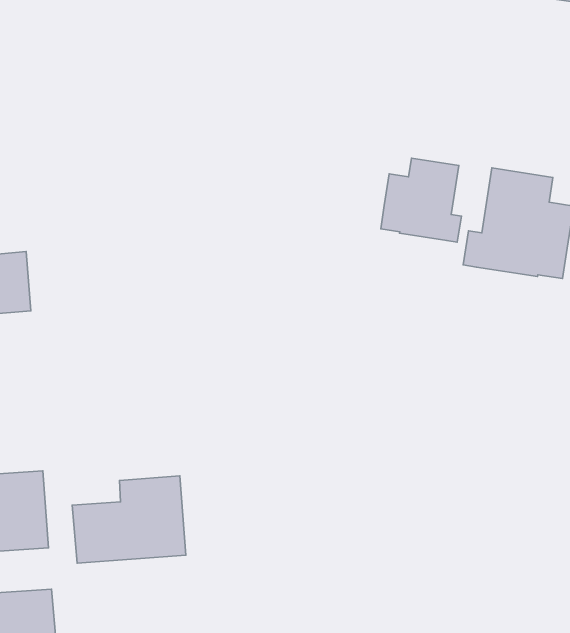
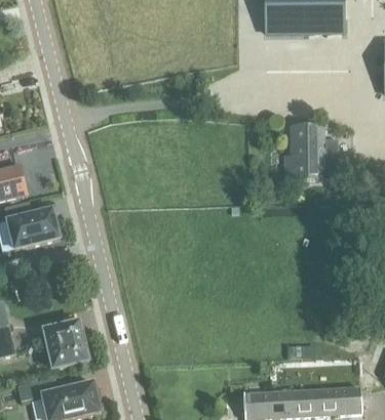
building: [381,158,461,242] -> none
building: [72,476,186,563] -> none

